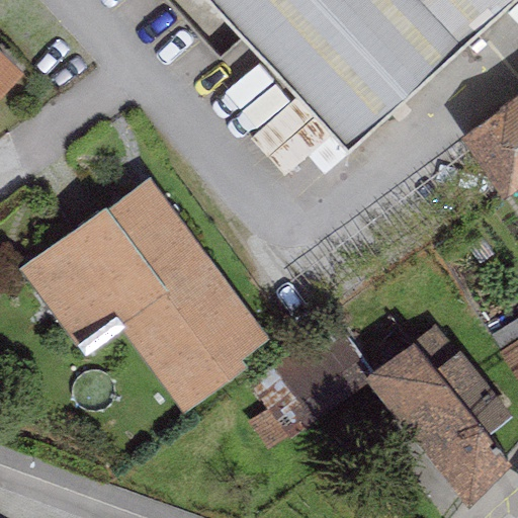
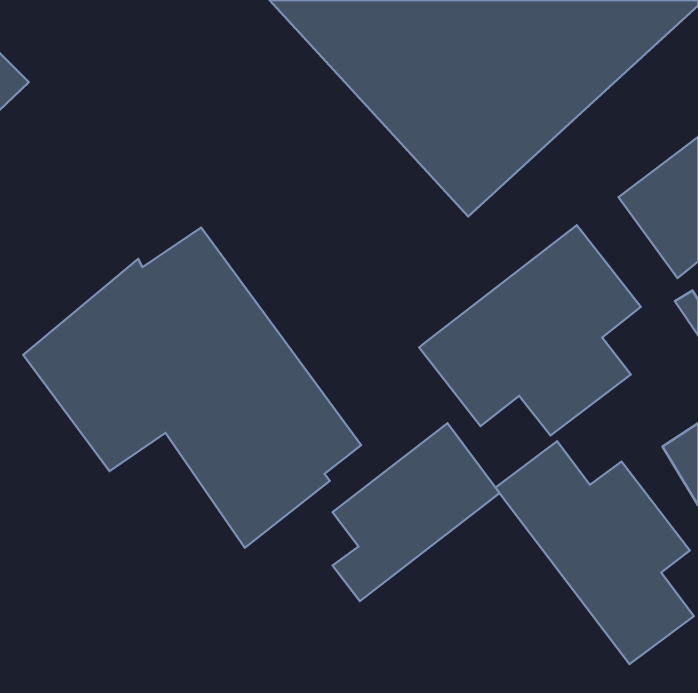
building: none -> [419,225,641,436]

